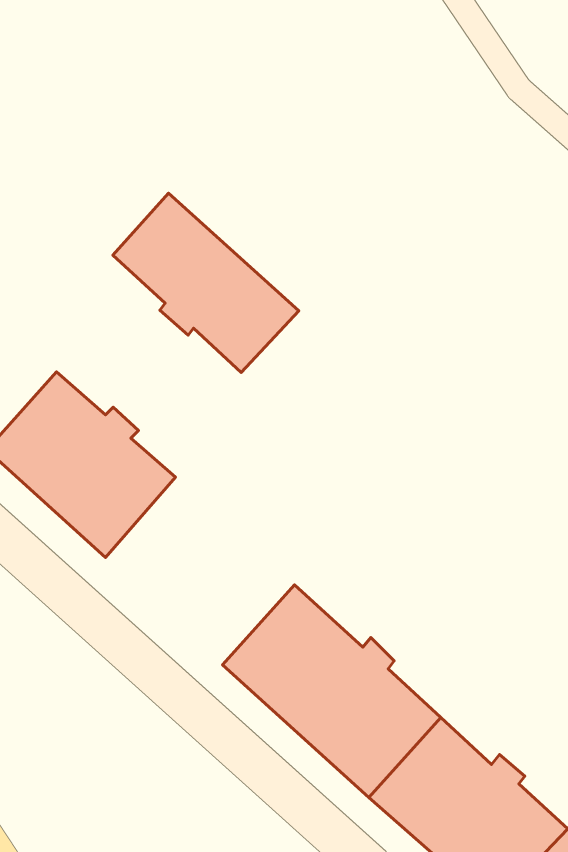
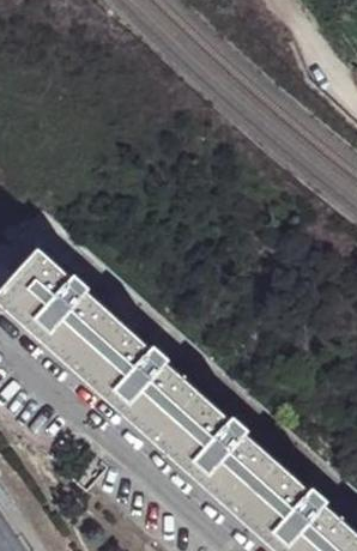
building: [113,193,299,373] -> none
building: none -> [67,313,183,428]

